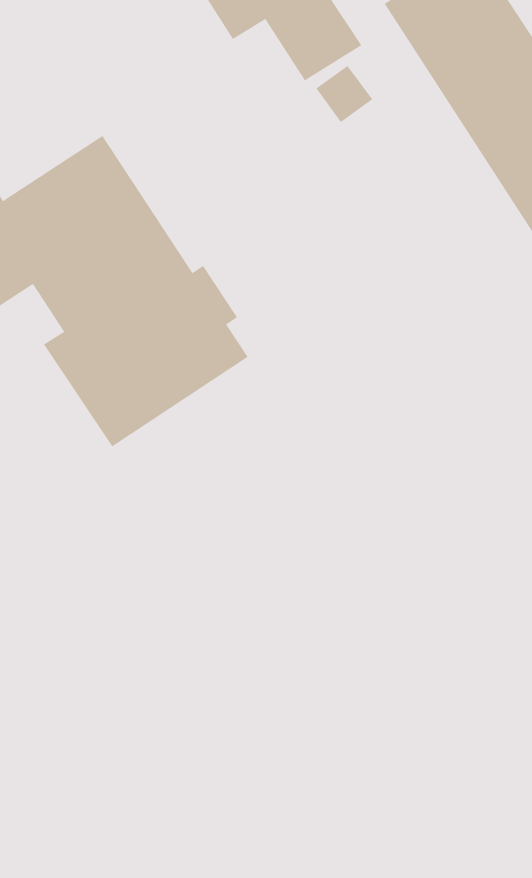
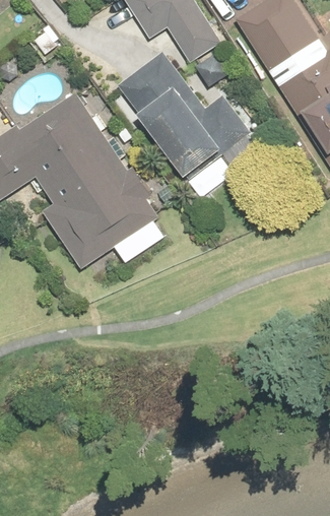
building: none -> [116,51,256,180]

